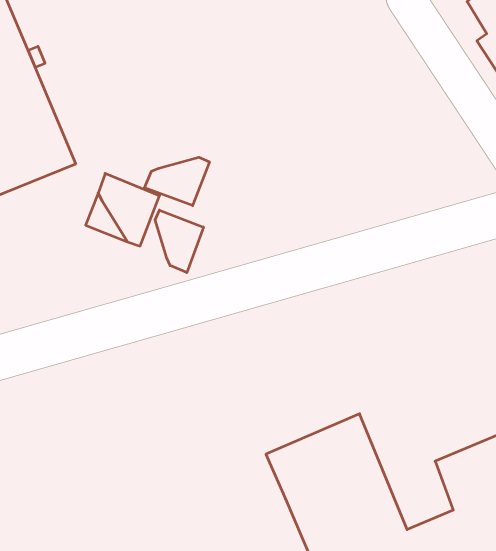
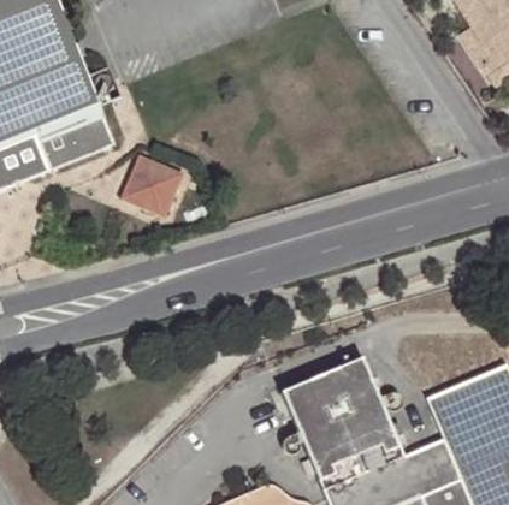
building: [144,157,209,206] -> none
building: [155,210,203,273] -> none

